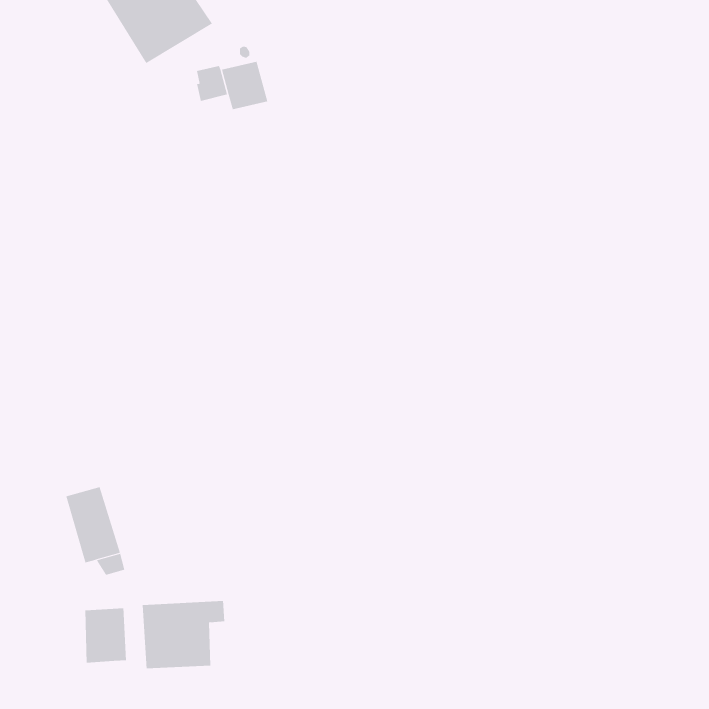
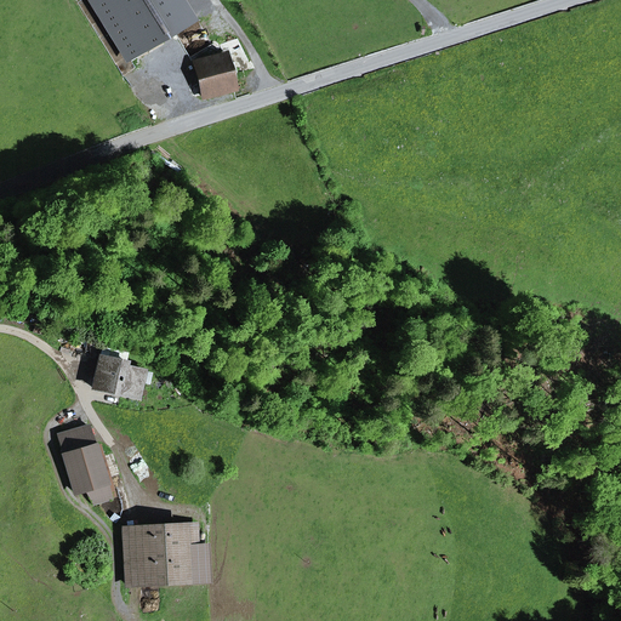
building: none -> [95,355,144,397]
building: [85,607,126,663] -> none

